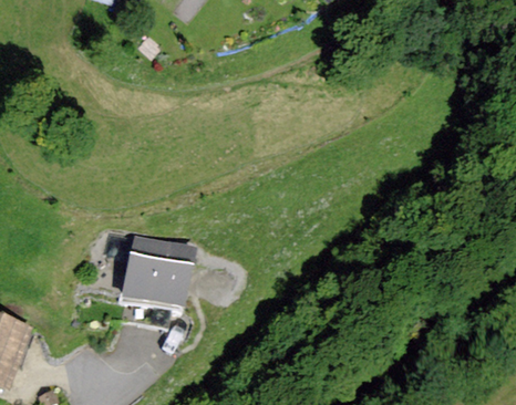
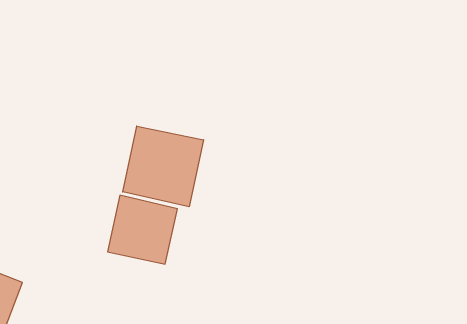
building: none -> [123,126,204,207]

